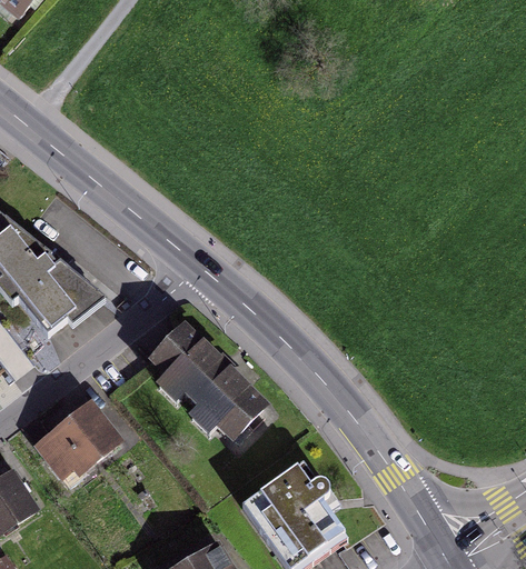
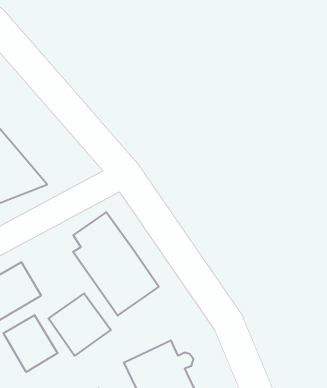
building: none -> [48,293,111,356]
building: none -> [3,315,58,372]

